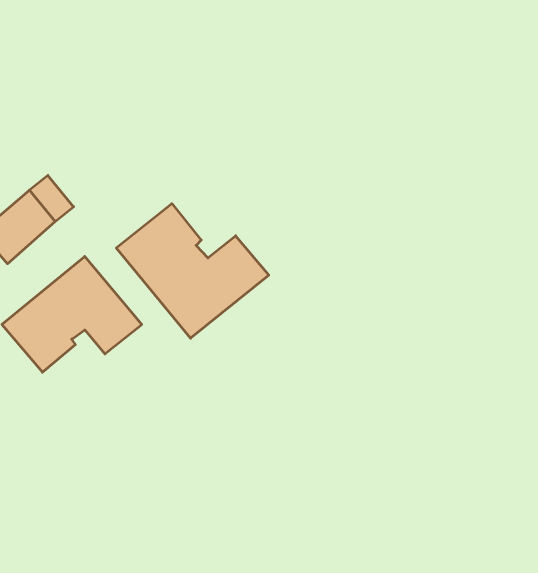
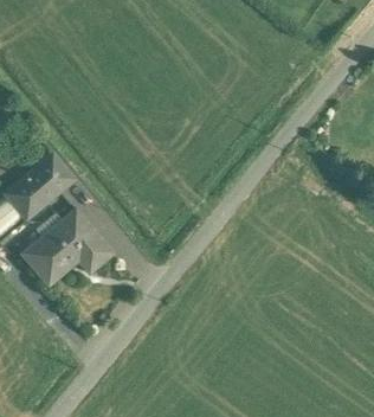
building: [116,204,269,338] -> none

